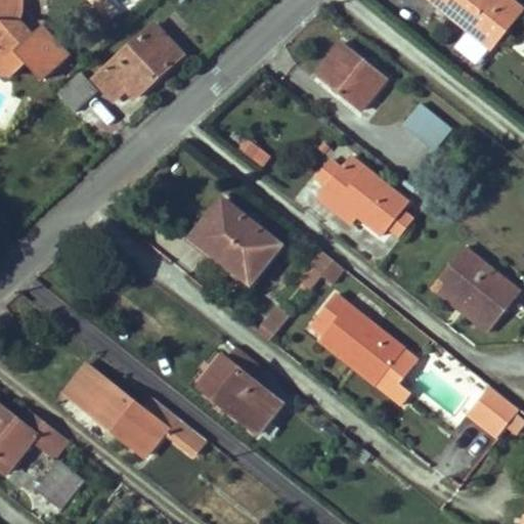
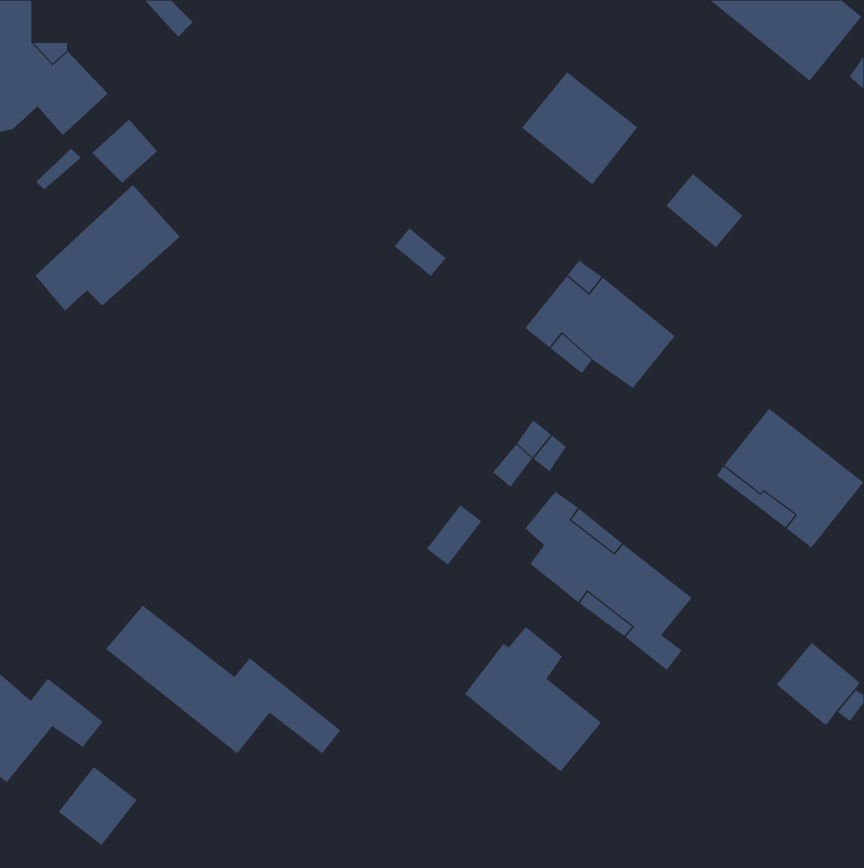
building: [92,24,180,100] -> [34,184,180,311]
building: [192,202,280,283] -> none
building: [198,345,280,433] -> [464,626,602,772]

